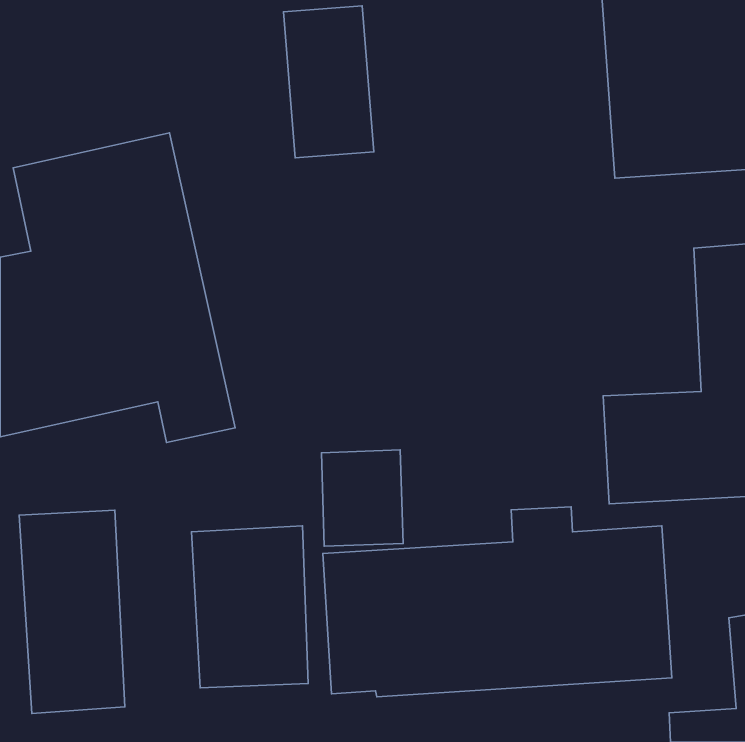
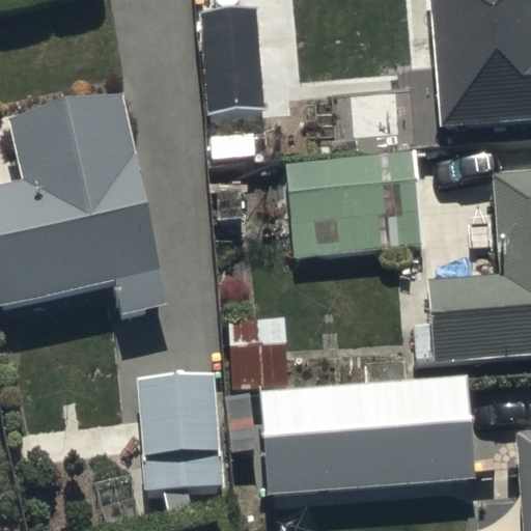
building: none -> [282,152,424,259]
building: [19,510,125,713] -> none

